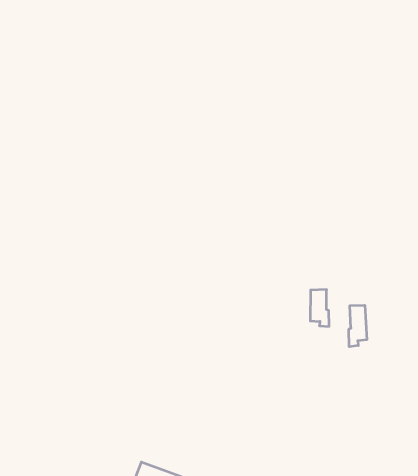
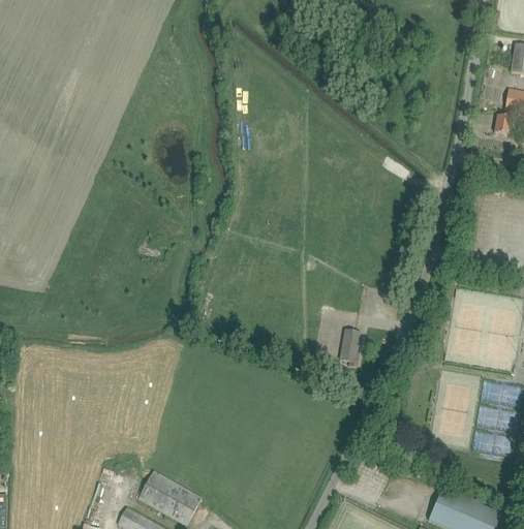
building: [349,305,367,347] -> none

